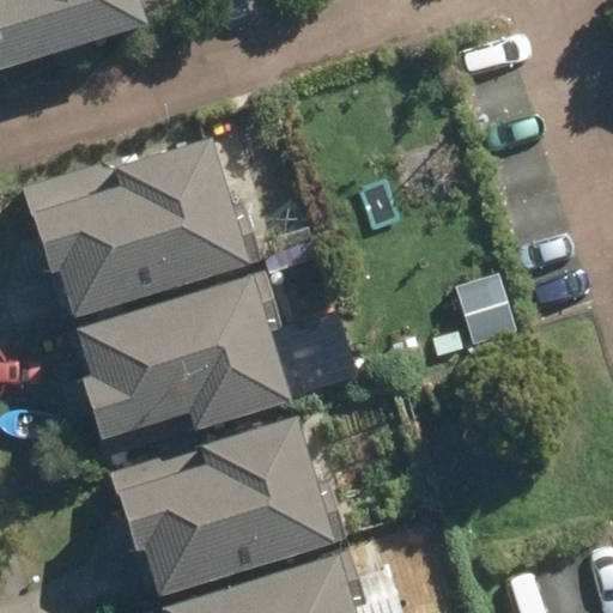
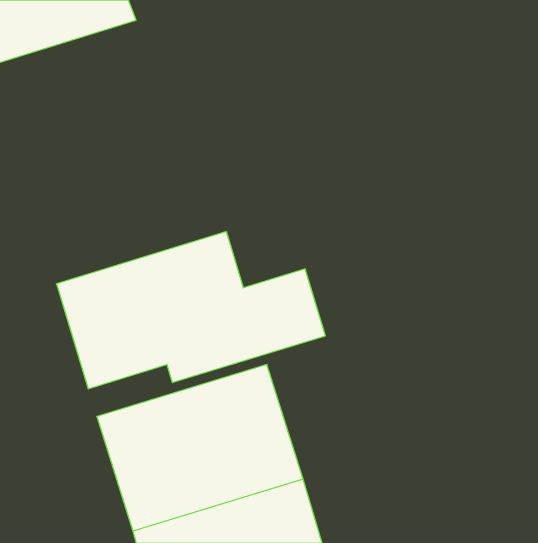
building: [24,132,255,320] -> none

